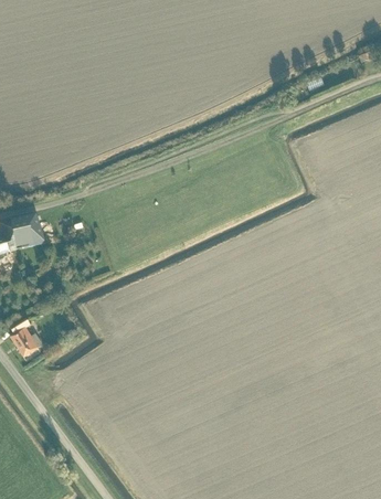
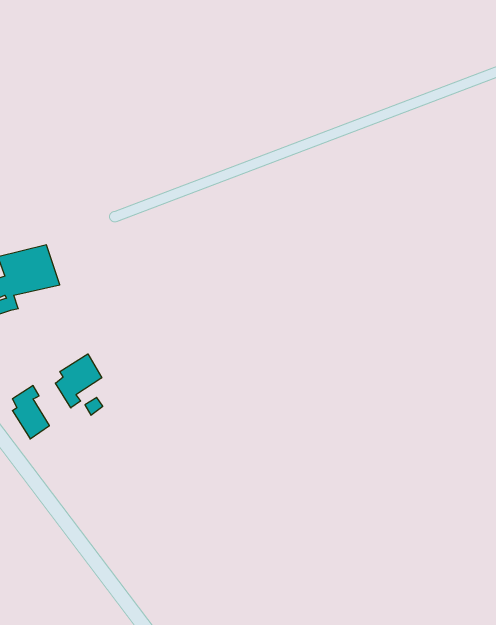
building: none -> [55,354,102,408]

